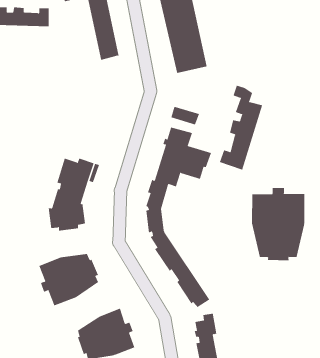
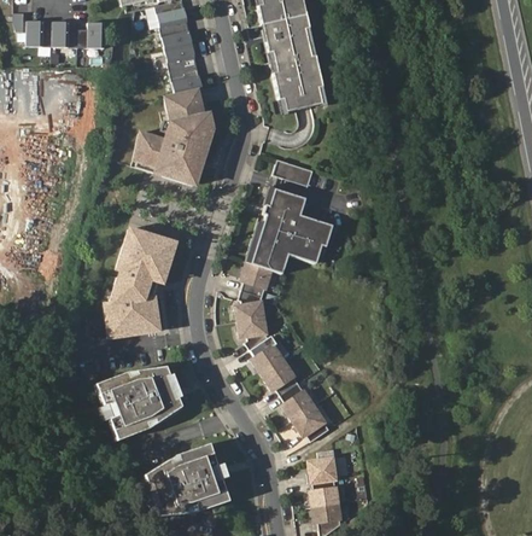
building: none -> [135,91,214,187]
building: [219,85,263,170] -> none
building: [251,187,305,261] -> none

